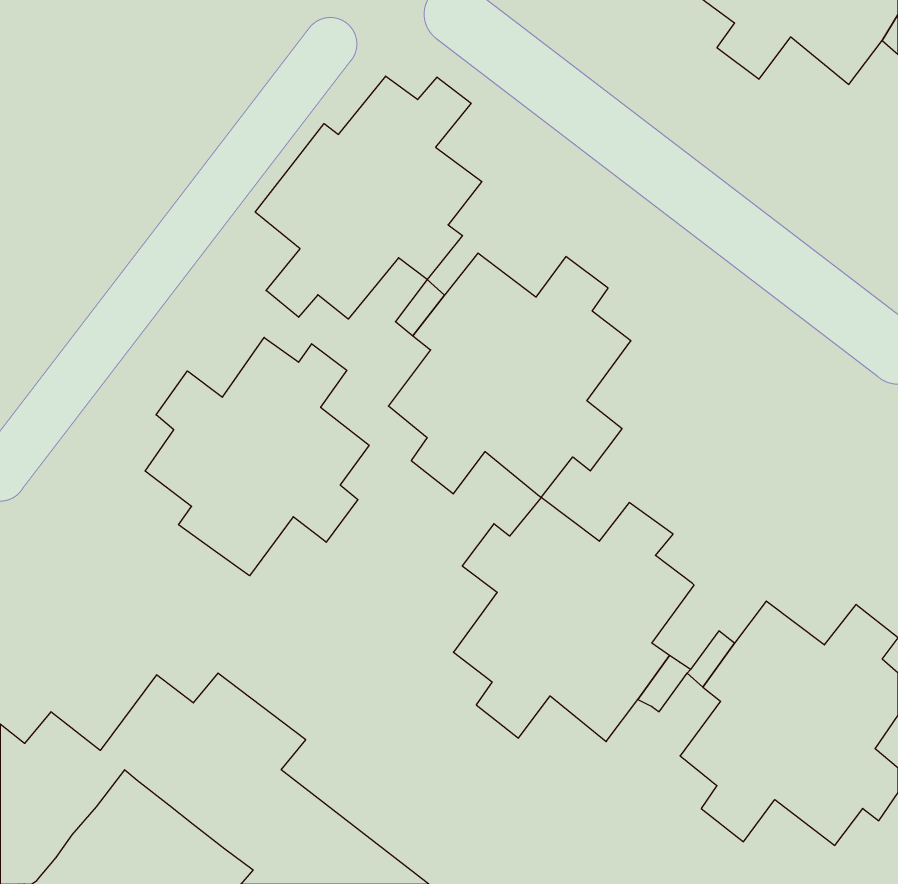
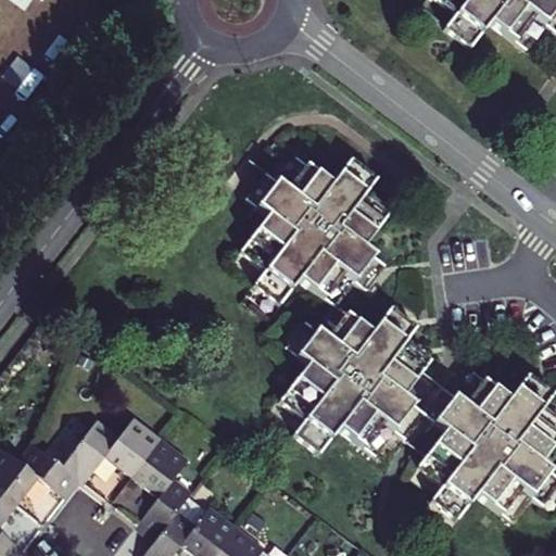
building: [255,76,482,319] -> none
building: [145,337,369,576] -> none

